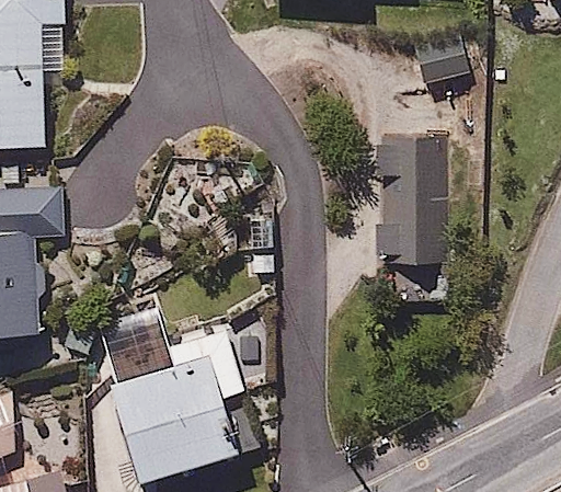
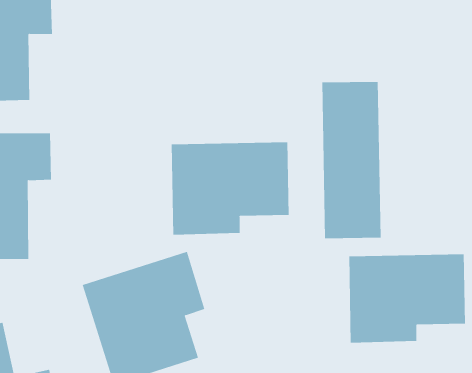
building: none -> [171,142,289,235]
building: none -> [349,254,465,343]

